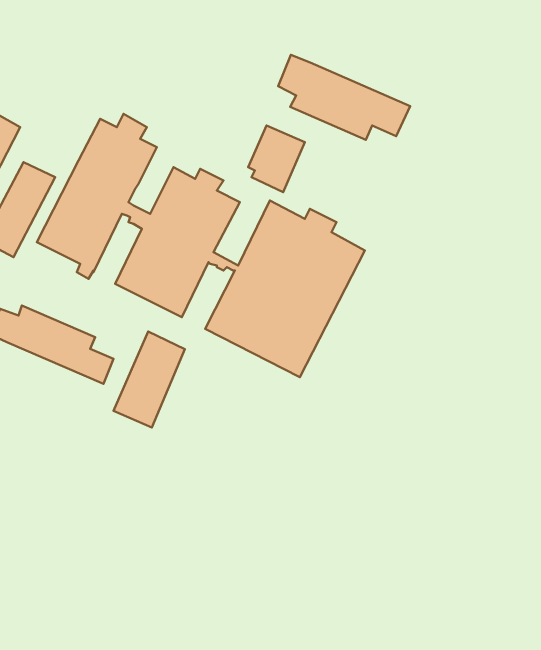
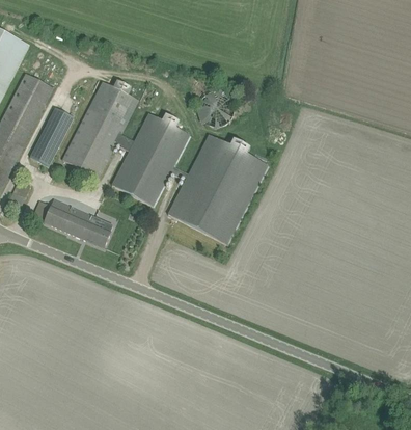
building: [278,55,410,140] -> none
building: [113,332,185,427] -> none

